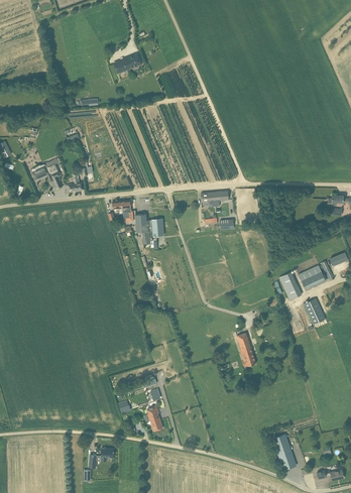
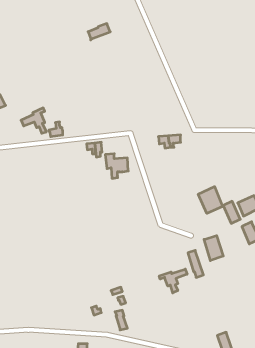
building: none -> [198,187,223,213]
building: none -> [204,236,223,261]
building: none -> [159,269,187,293]

